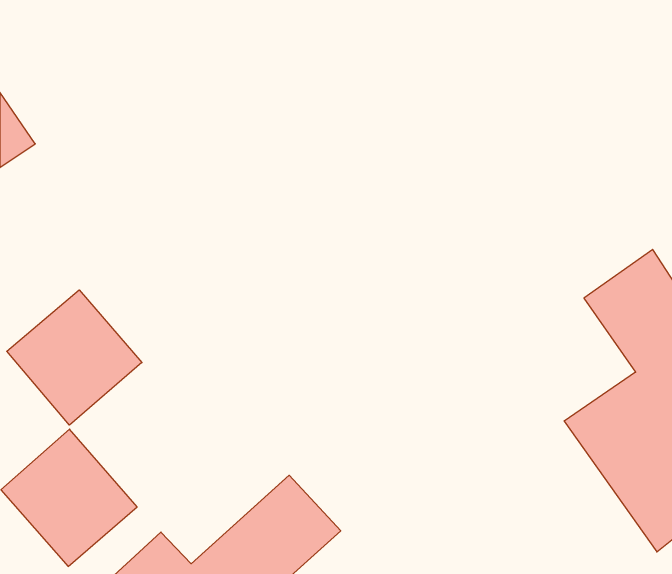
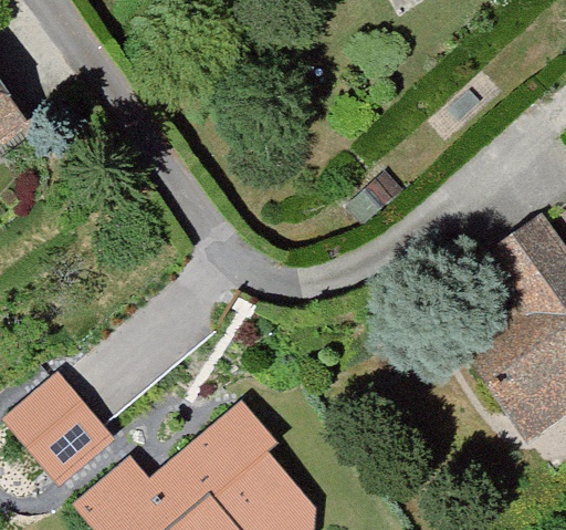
building: [7,290,142,425] -> none

